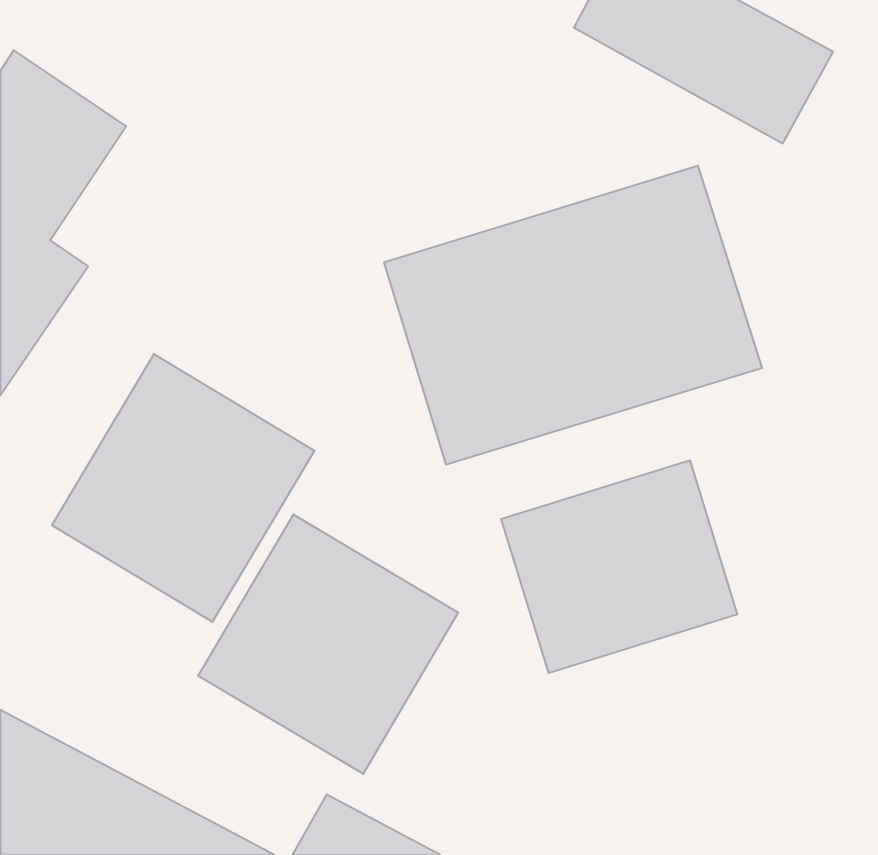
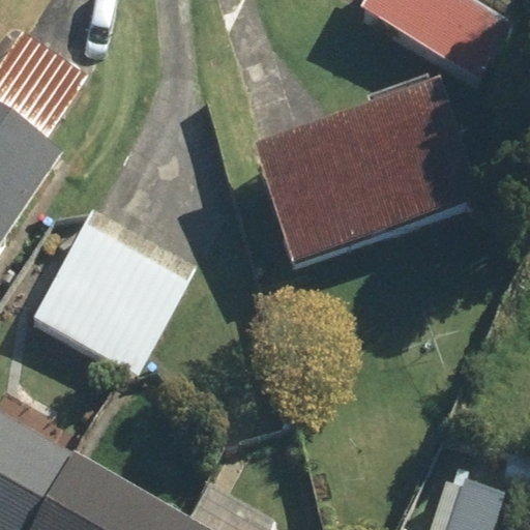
building: [501,460,737,673] -> none
building: [198,514,458,774] -> none

